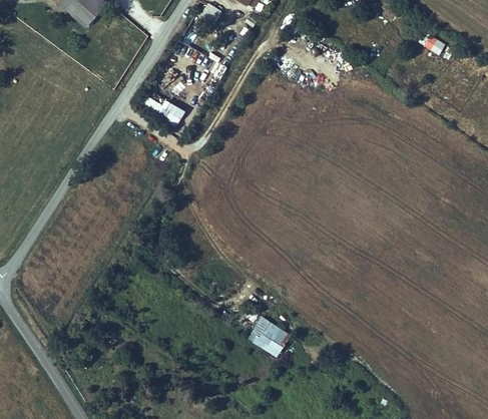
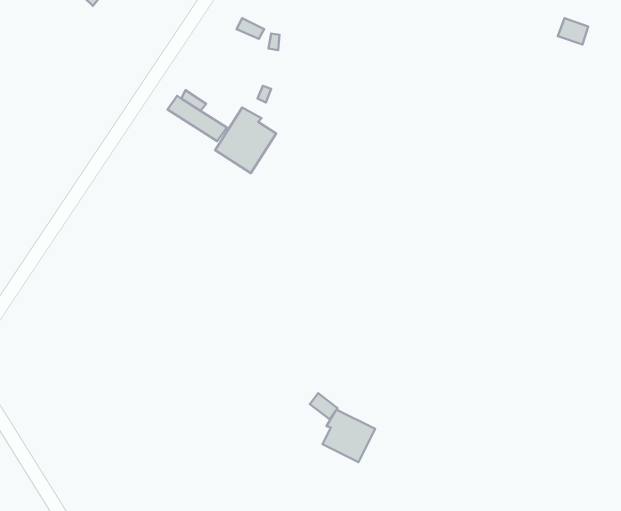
building: none -> [215,107,276,173]

